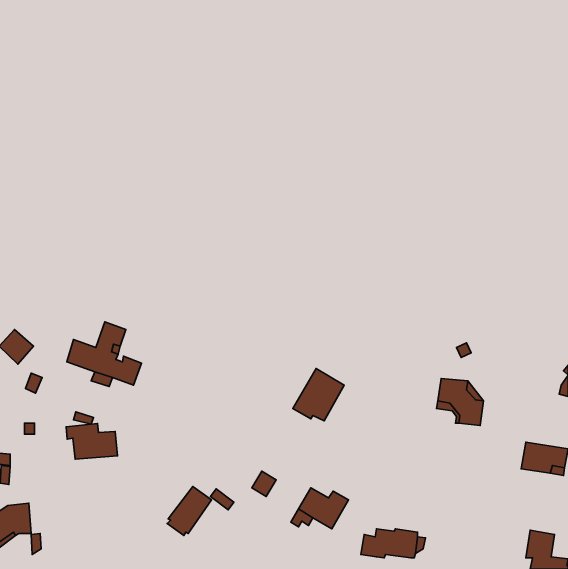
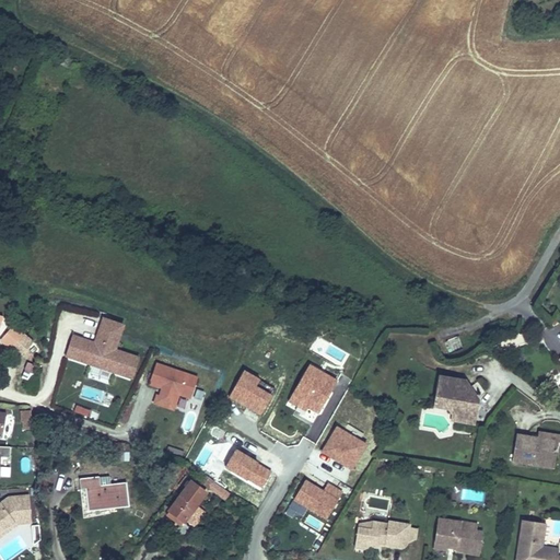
building: none -> [148,362,198,410]
building: none -> [229,370,272,415]
building: [66,424,117,459] -> [79,475,129,510]
building: none -> [320,424,369,469]
building: none -> [225,447,258,479]
building: none -> [434,518,482,552]

